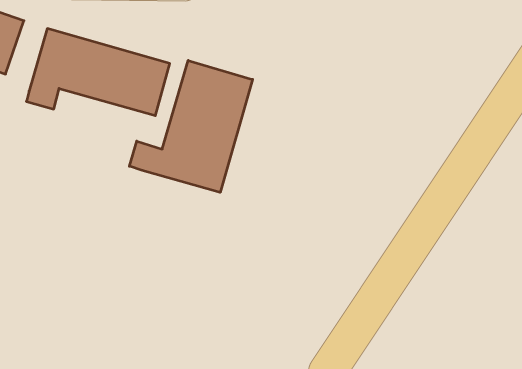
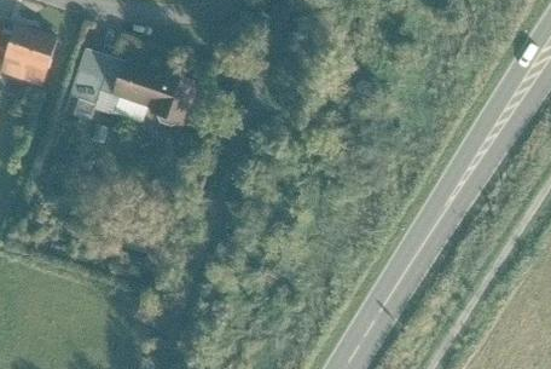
building: [129,60,253,192] -> none

